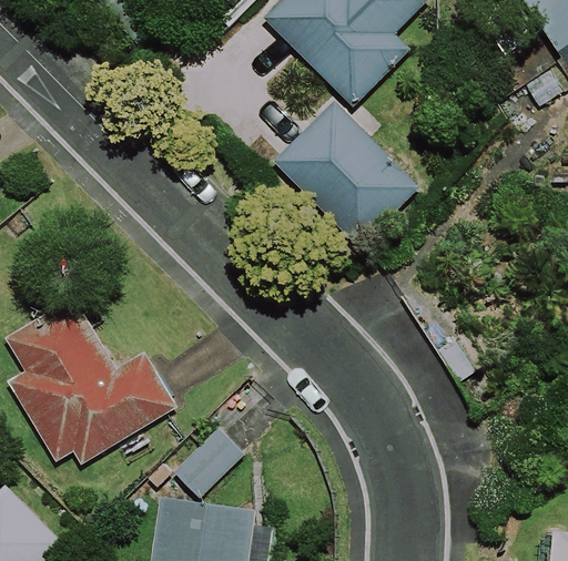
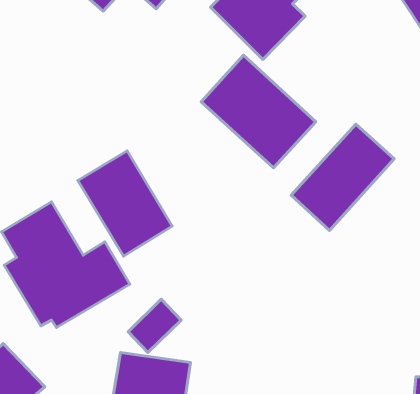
building: none -> [291,124,394,230]
building: none -> [78,151,172,256]

